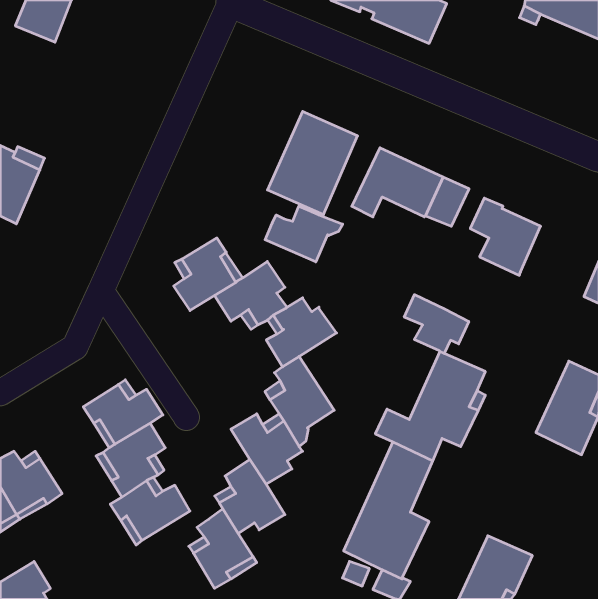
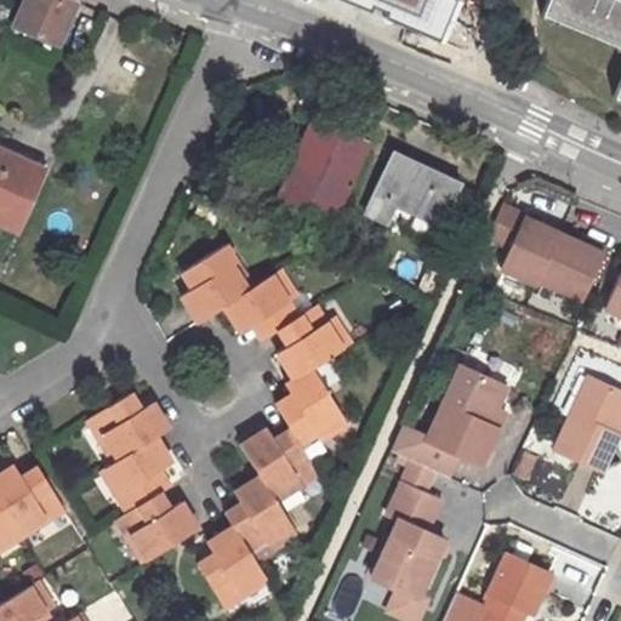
building: [265,206,343,262] -> none
building: none -> [540,233,606,300]
building: [404,295,469,354] -> none

